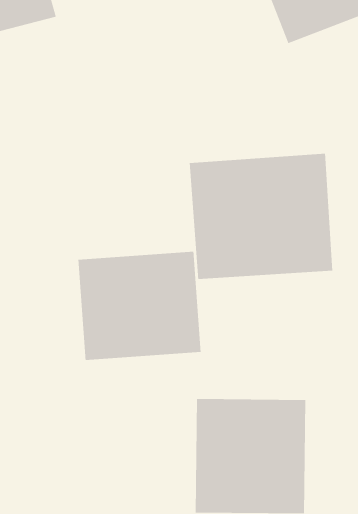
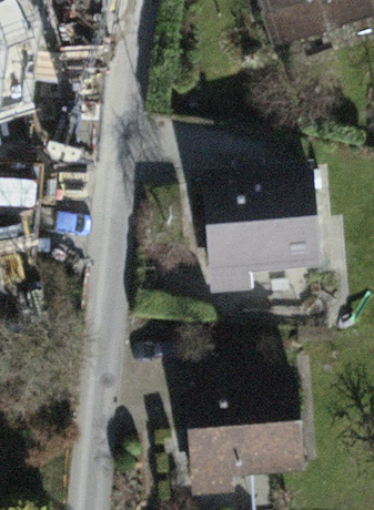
building: [77,251,202,361] -> none

